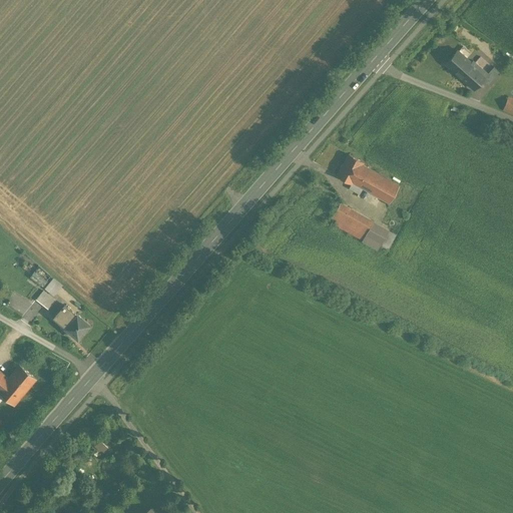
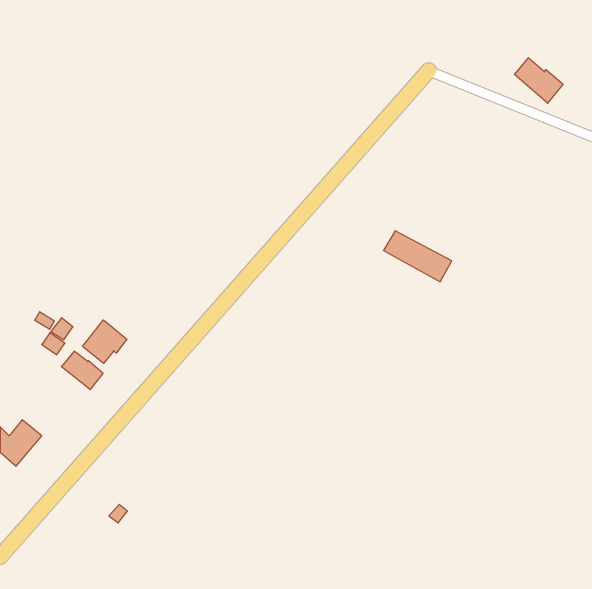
building: [337,157,399,205] -> none
building: none -> [82,320,127,363]

